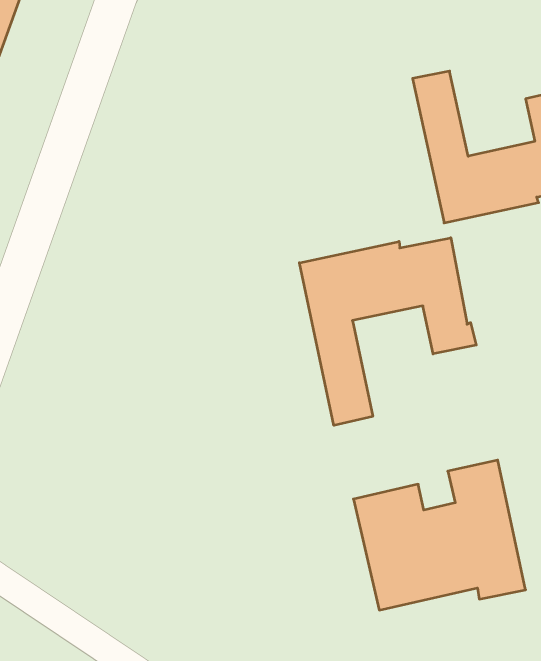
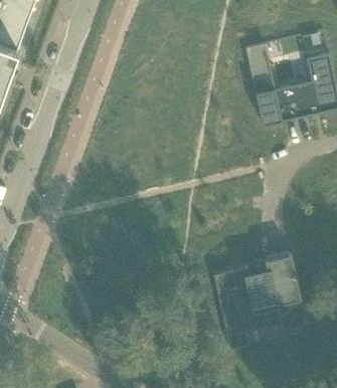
building: [299,238,476,425] -> none

